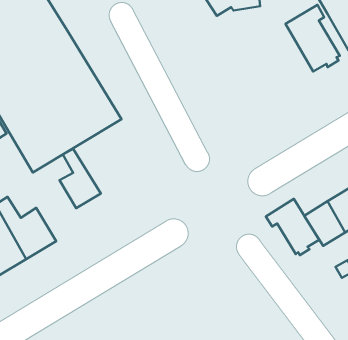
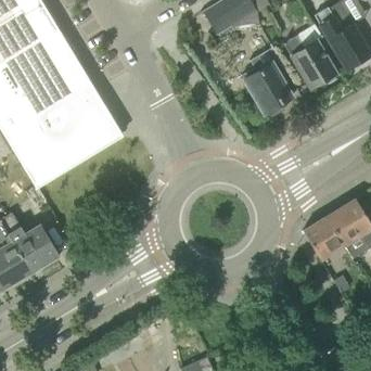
building: none -> [242,47,293,115]
building: [60,149,101,208] -> none
building: [266,199,319,255] -> none

